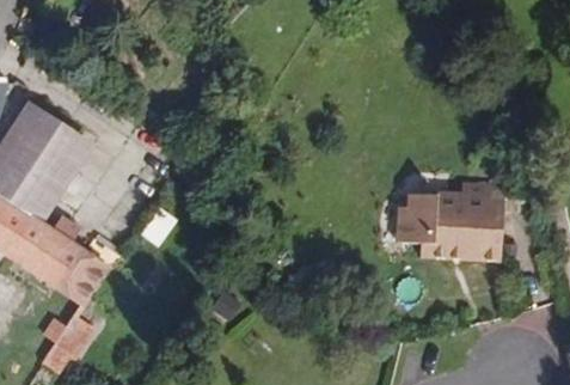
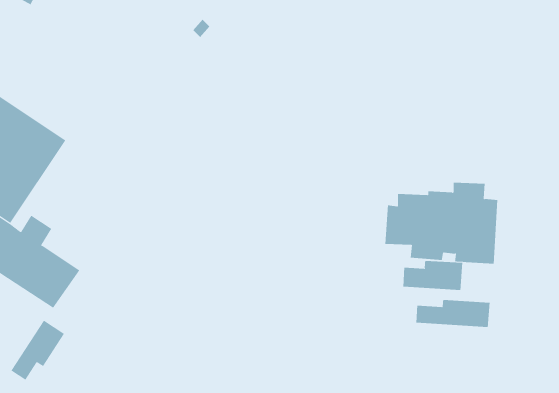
building: none -> [403,260,463,291]
building: none -> [416,299,490,328]

